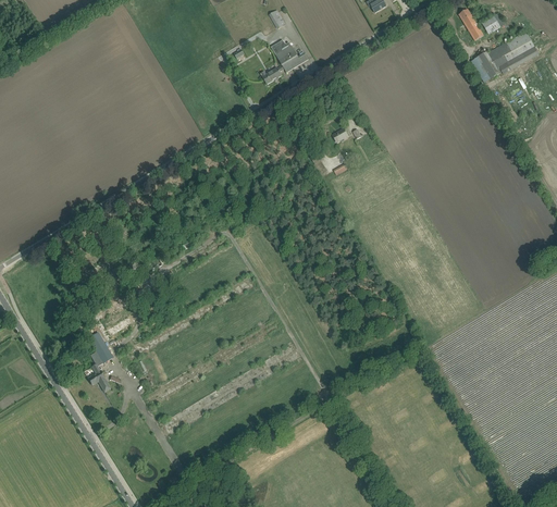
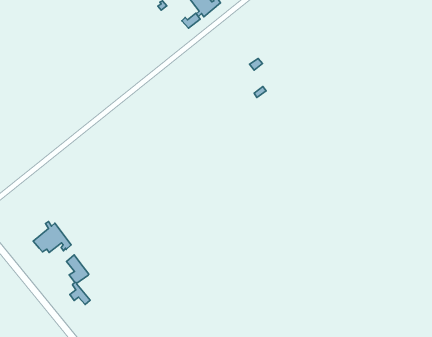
building: none -> [33,221,71,252]

